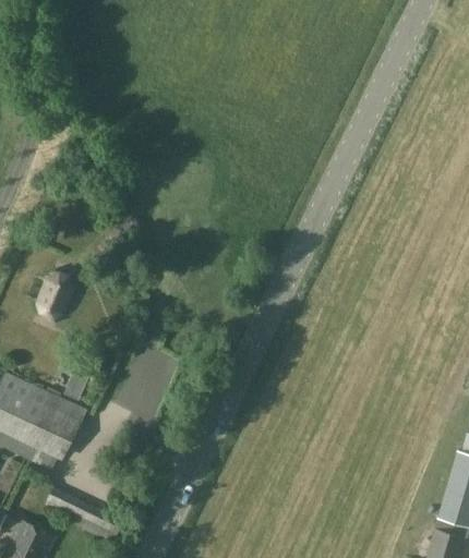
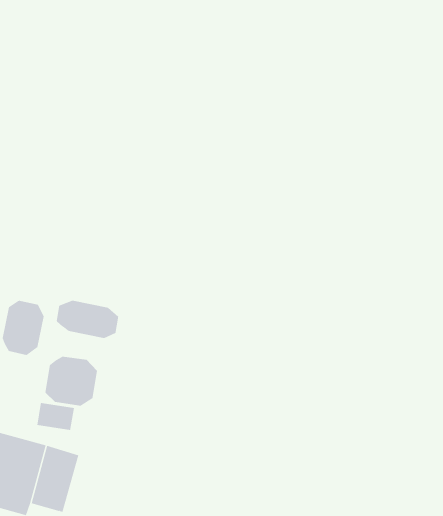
building: none -> [56,300,119,339]
building: none -> [45,356,98,407]

